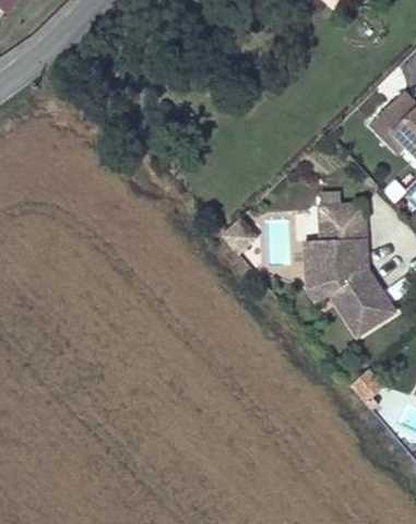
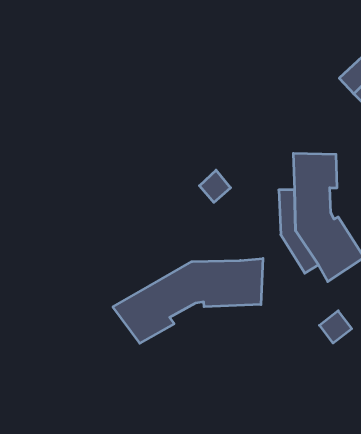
building: none -> [113,258,263,343]

